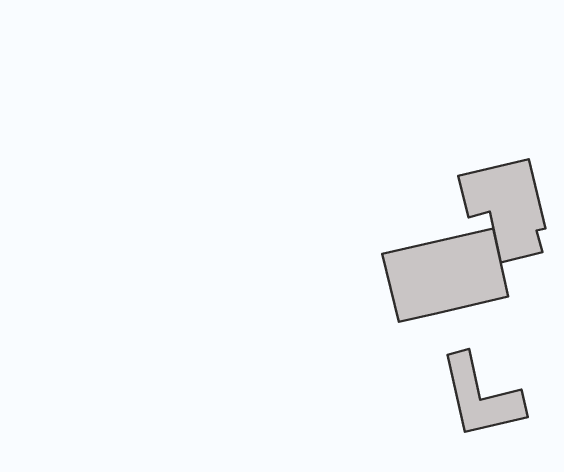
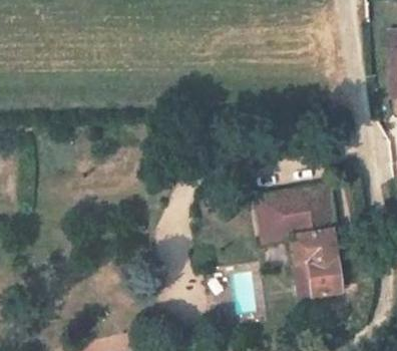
building: [458,159,546,262] -> [290,223,344,288]

